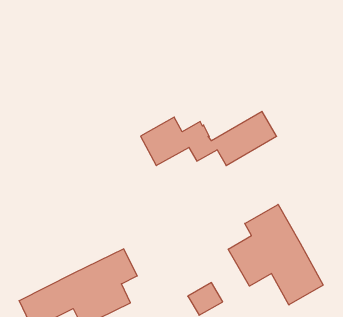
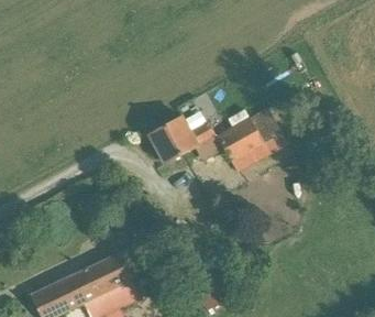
building: [228,204,323,305] -> none

